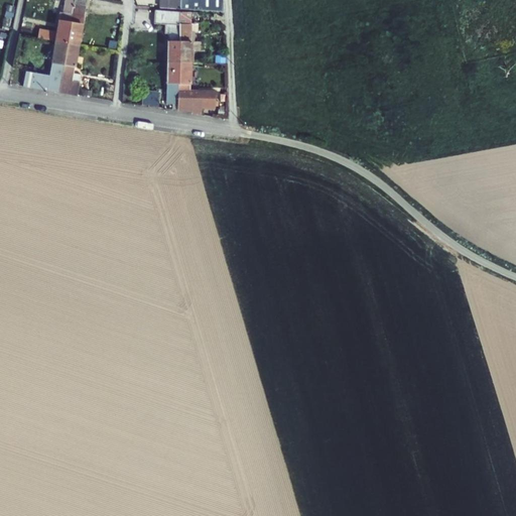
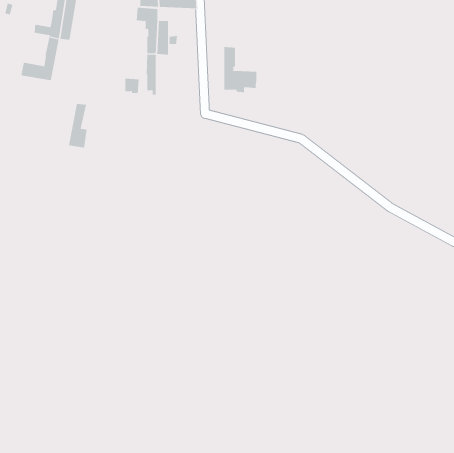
building: [58,44,81,95] -> [68,104,88,148]
building: [177,61,216,114] -> [224,47,257,93]

